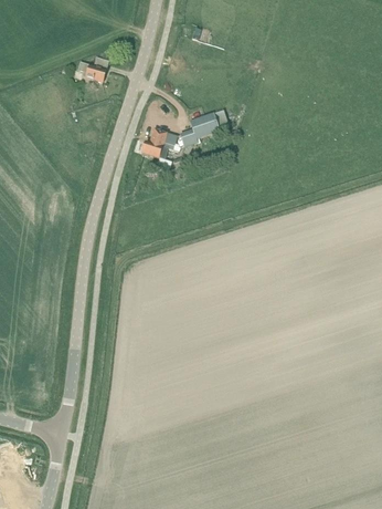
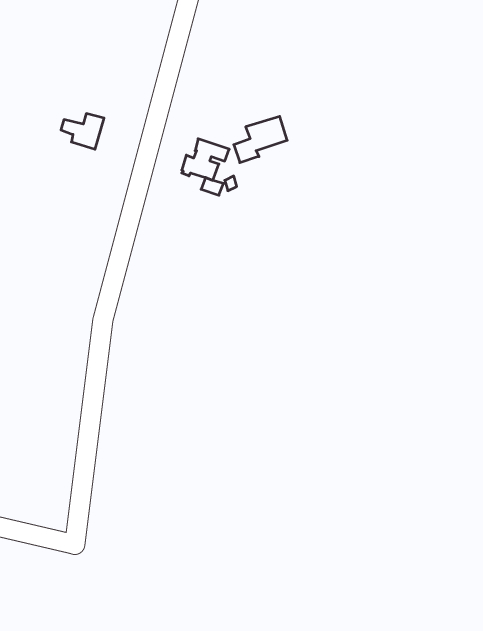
building: [77,58,109,84] -> [61,114,104,149]

